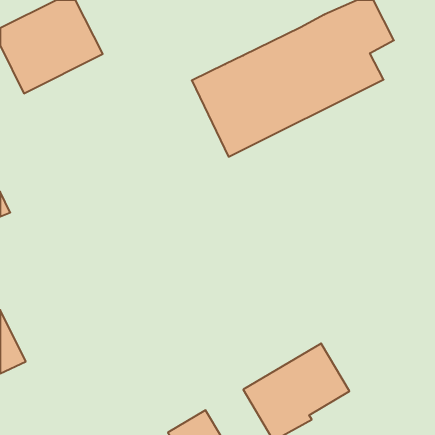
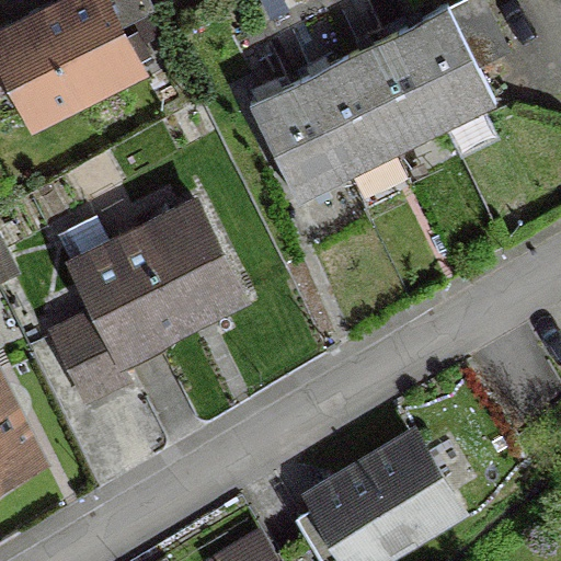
building: none -> [51,205,242,400]

